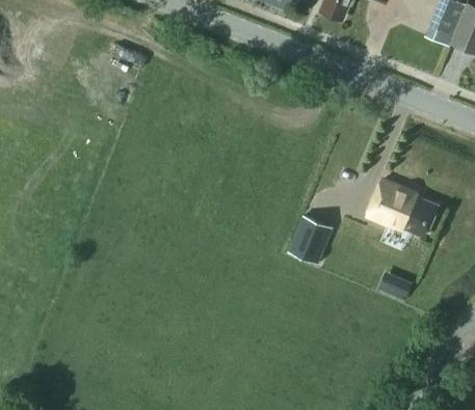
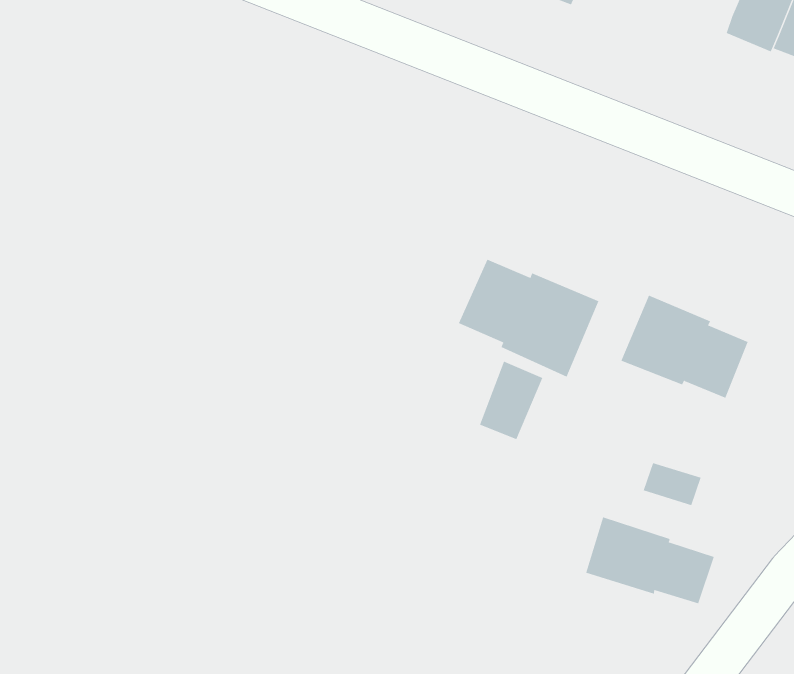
building: none -> [458,259,599,378]
building: none -> [586,516,715,604]

